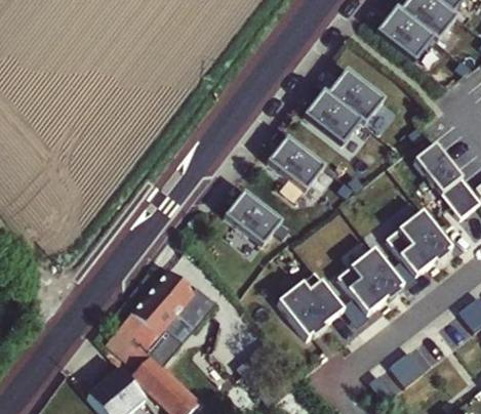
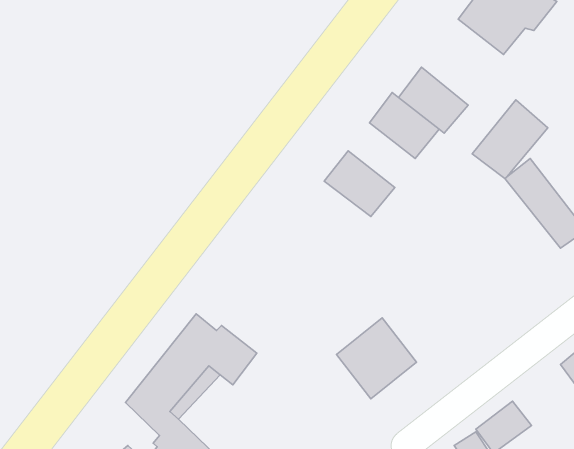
building: none -> [472,100,548,179]
building: [227,191,283,244] -> none
building: [386,209,450,275] -> none
building: [337,247,402,313] -> none

